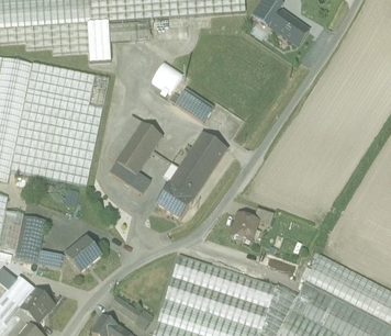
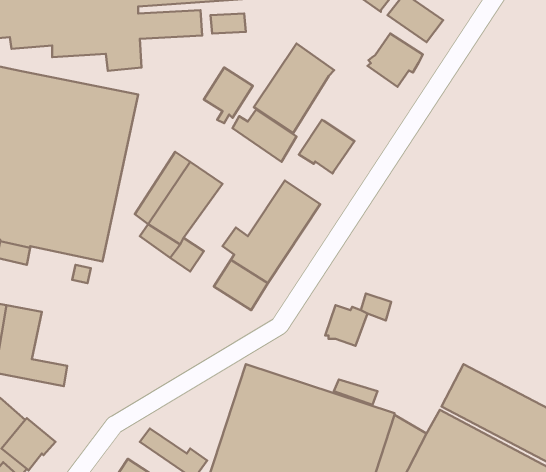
building: none -> [367,33,423,87]
building: none -> [254,44,334,133]
building: none -> [299,120,354,174]
building: [66,236,101,271] -> none

